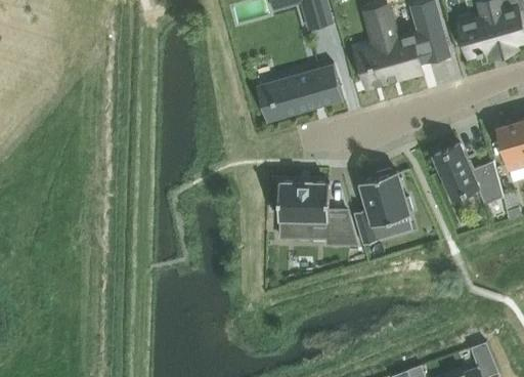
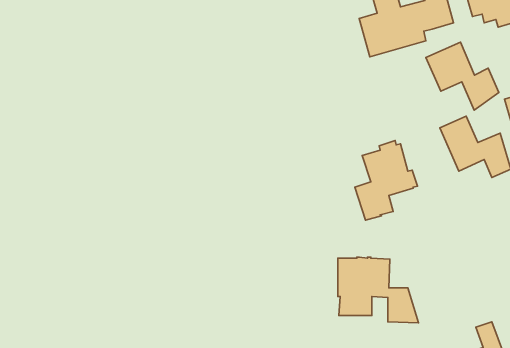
building: [266,64,343,123] -> none
building: none -> [426,42,499,110]
building: [278,181,356,245] -> [338,257,419,323]

